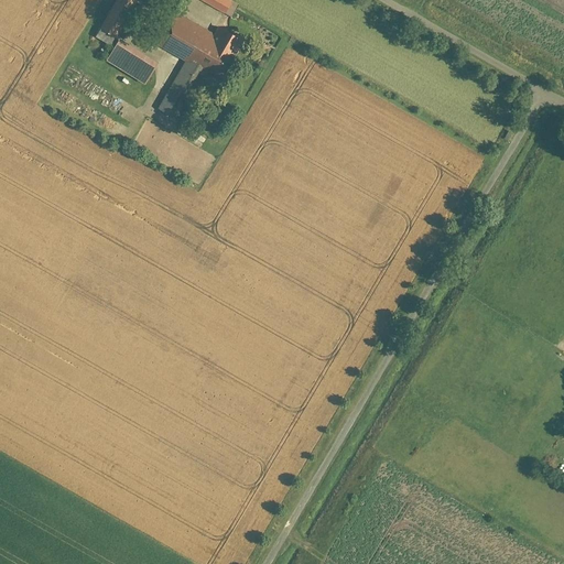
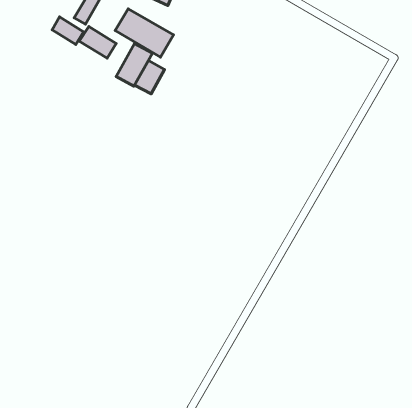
building: none -> [52,17,83,44]
building: none -> [134,61,165,94]

